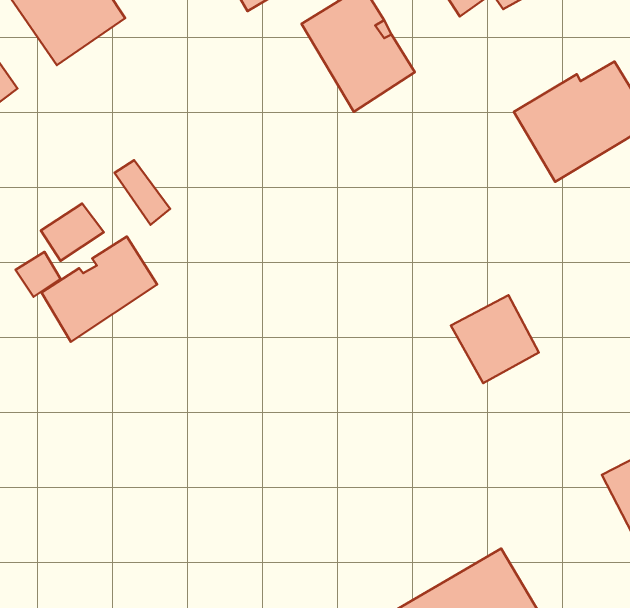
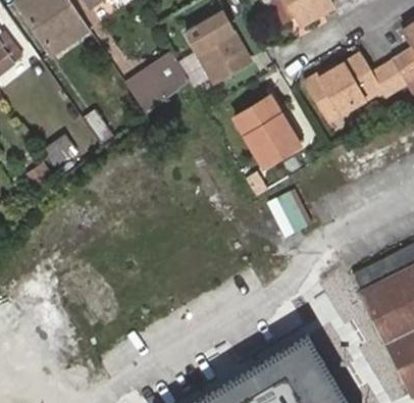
building: none -> [123,50,188,114]
building: none -> [239,98,300,166]
building: [42,237,157,342] -> none

